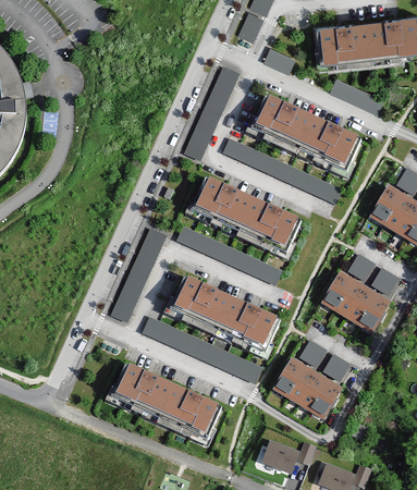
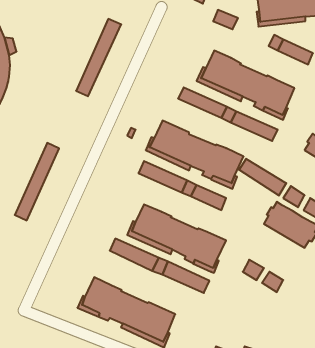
building: [186,66,240,158] -> [76,19,121,96]
building: none -> [239,159,286,196]
building: [113,229,165,320] -> [15,143,59,220]
building: [277,359,341,415] -> none

